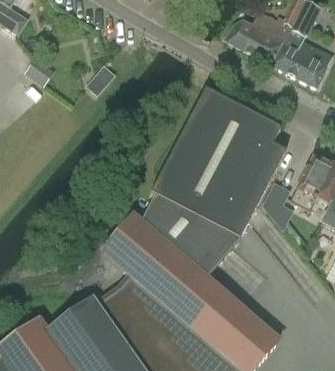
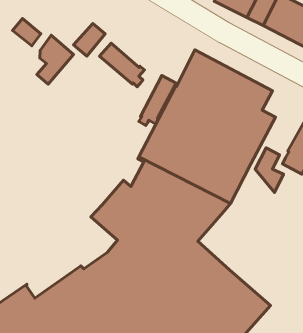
building: none -> [37,35,73,84]
building: none -> [100,43,145,87]
building: none -> [139,76,176,125]

